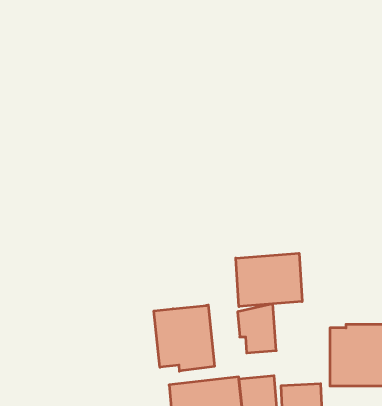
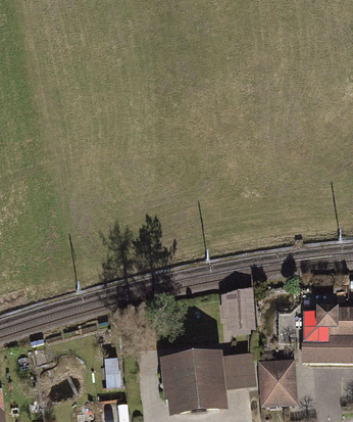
building: [236,253,302,307] -> none
building: [154,305,214,371] -> none

